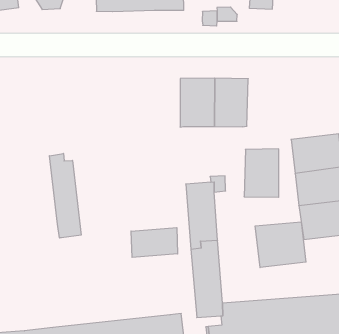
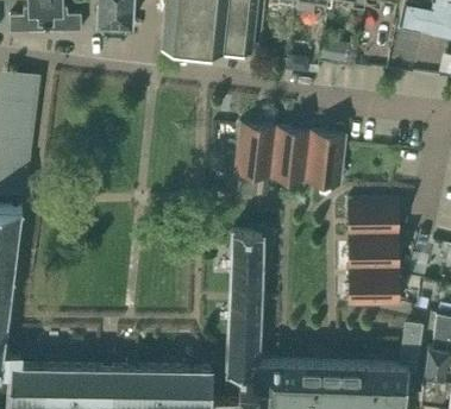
building: [244,149,279,197] -> [303,134,345,188]
building: [49,153,81,238] -> none
building: [255,222,306,268] -> none
building: [131,228,178,257] -> none

